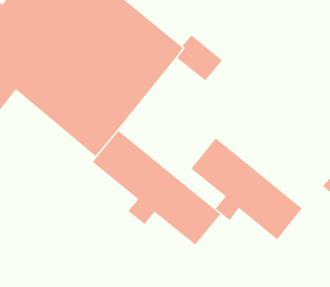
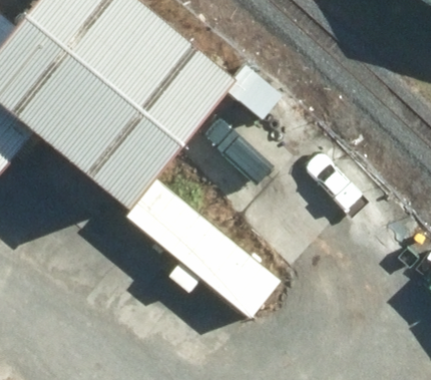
building: [191,138,303,240] -> none

